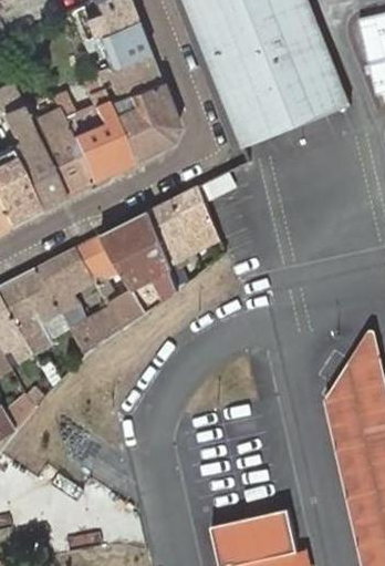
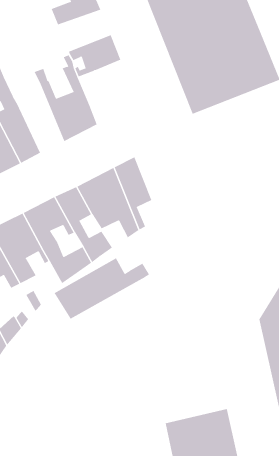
building: [80,21,145,72] -> none
building: [107,82,174,161] -> none
building: [27,110,87,195] -> none
building: [174,186,220,253] -> none
building: none -> [54,258,150,319]

